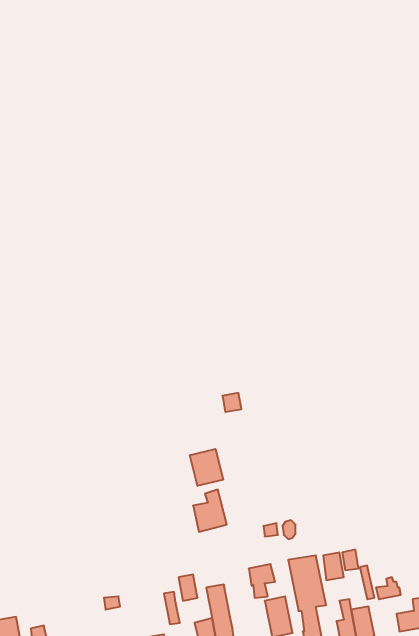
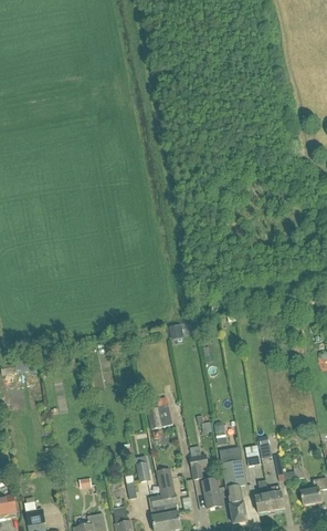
building: [190,449,223,486] -> none

